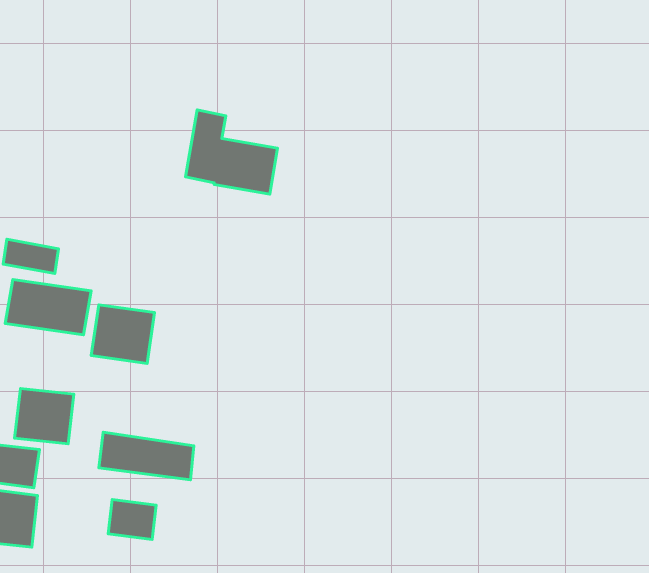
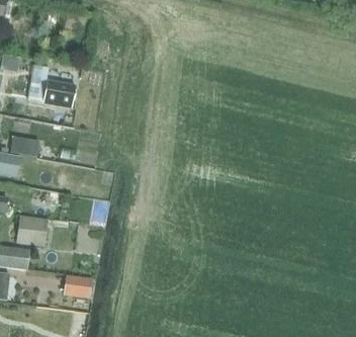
building: [186,110,277,194] -> [27,63,76,107]
building: [91,305,155,363] -> none
building: [99,432,194,480] -> none

